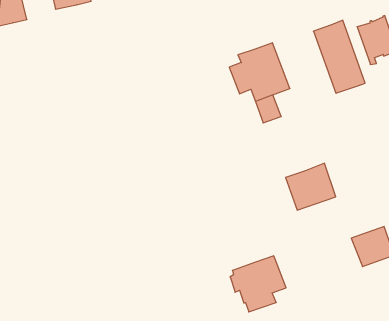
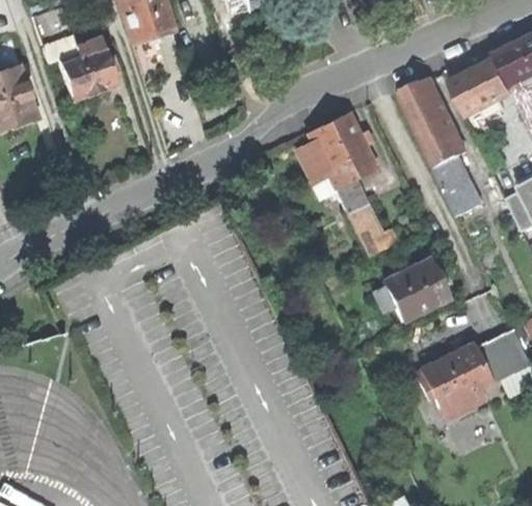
building: none -> [434,154,486,217]
building: none -> [347,204,396,256]
building: [230,256,286,312] -> [419,343,490,417]

